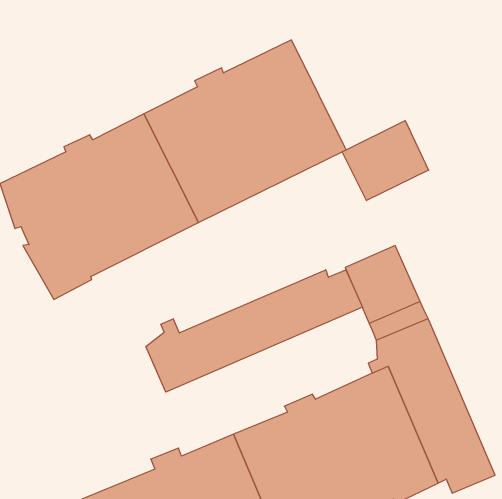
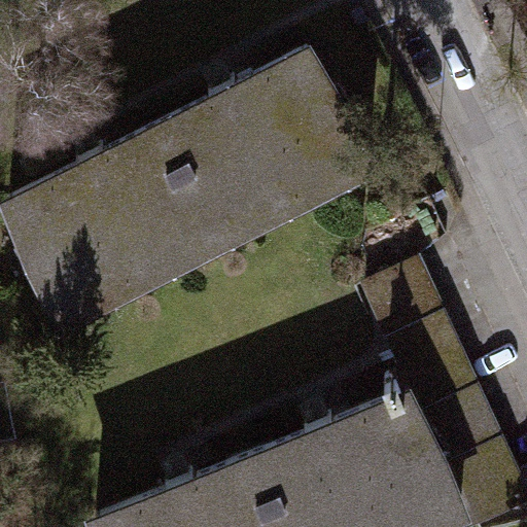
building: [342,121,429,201] -> none
building: [146,270,362,392] -> none

